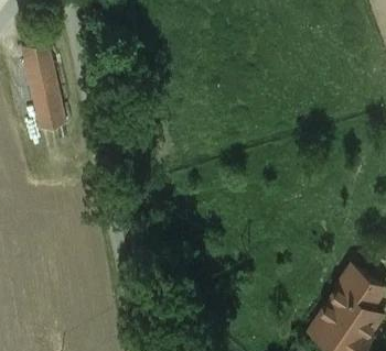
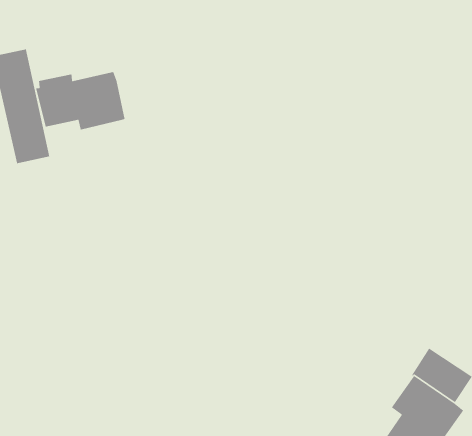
building: none -> [35,71,126,130]

